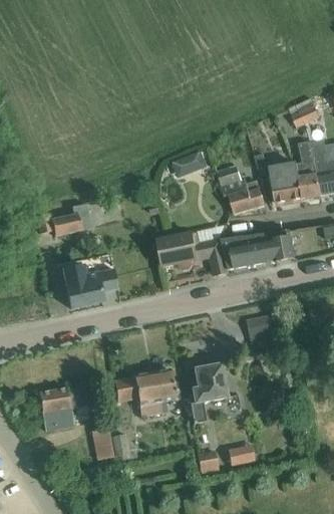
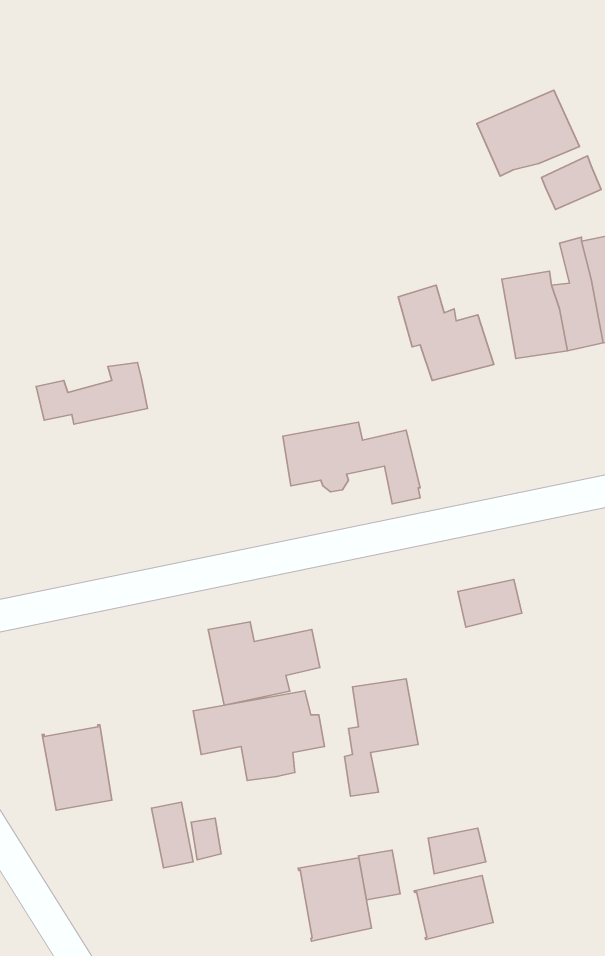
building: none -> [477,90,580,176]
building: [176,145,212,175] -> none
building: [221,230,294,268] -> none
building: [61,266,117,308] -> [208,622,320,705]
building: none -> [298,858,372,941]
building: none -> [414,875,493,939]

